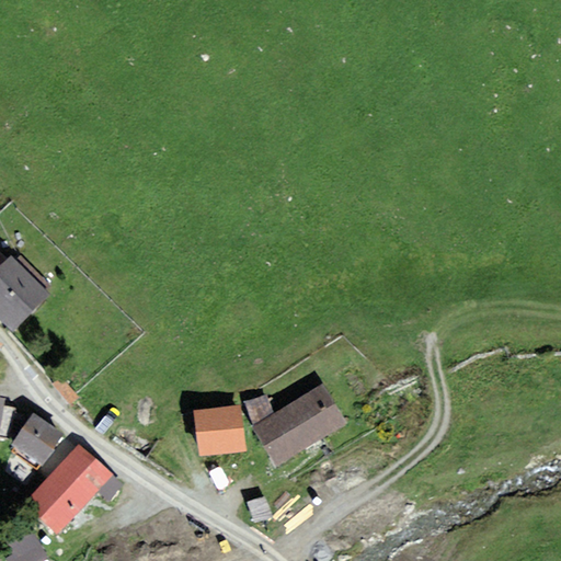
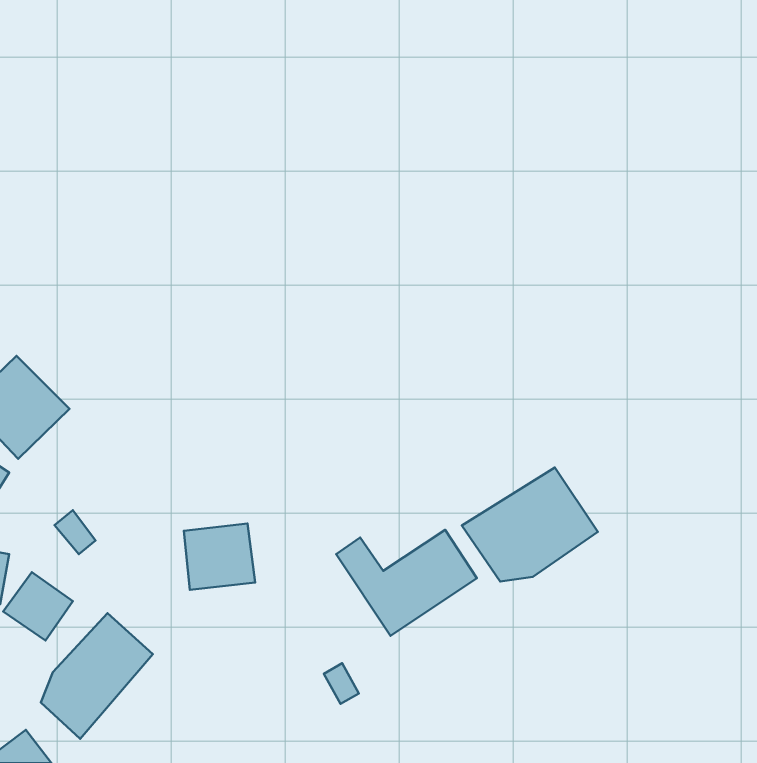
building: none -> [462,468,598,582]
building: [196,407,248,455] -> [184,523,255,590]

